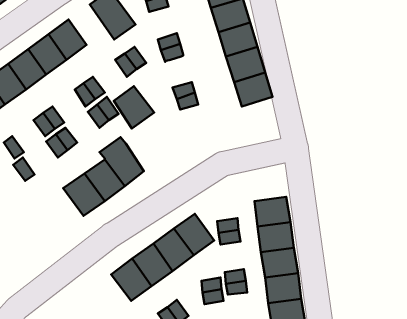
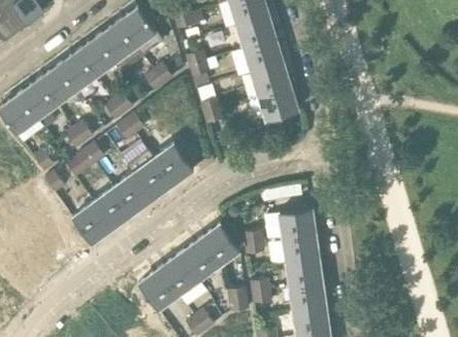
building: none -> [98,23,142,71]
building: [114,86,154,129] -> [154,143,193,184]
building: none -> [73,201,112,242]

